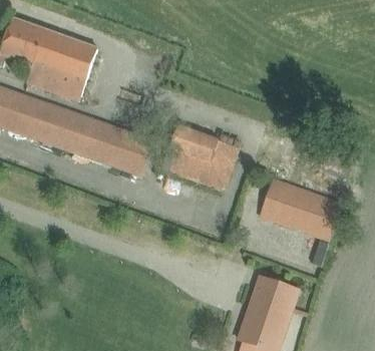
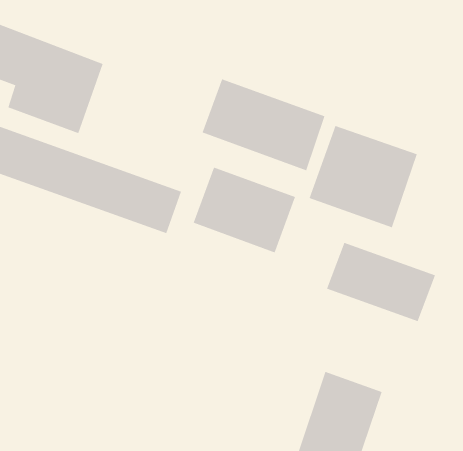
building: none -> [202,78,325,171]
building: none -> [309,125,417,228]

